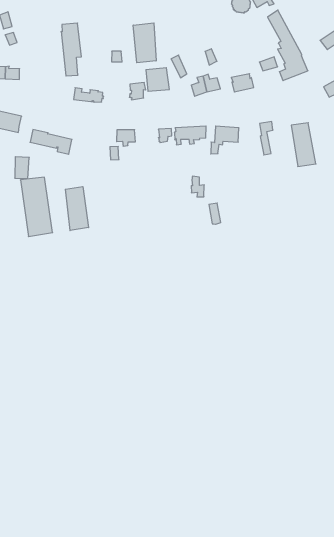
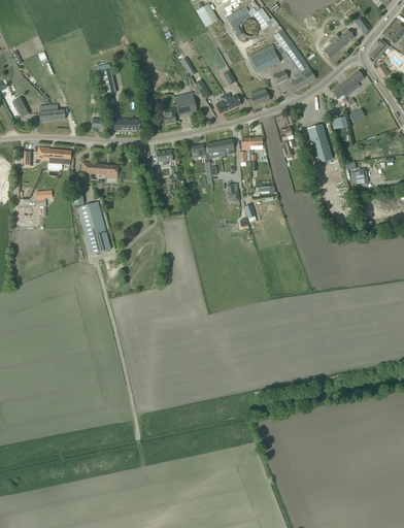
building: [133,23,156,63] -> none
building: none -> [250,45,280,72]
building: [65,187,89,231] -> none

